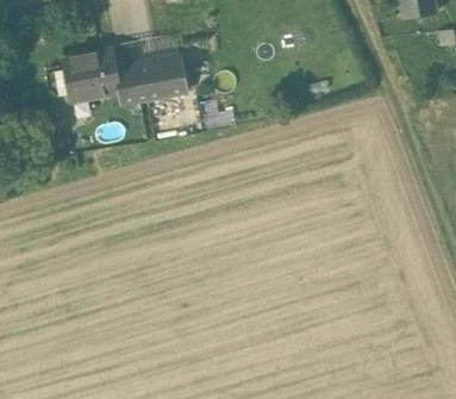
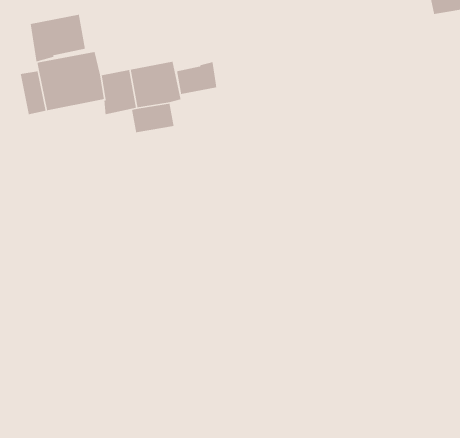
building: none -> [30,14,86,63]
building: none -> [176,61,217,95]

